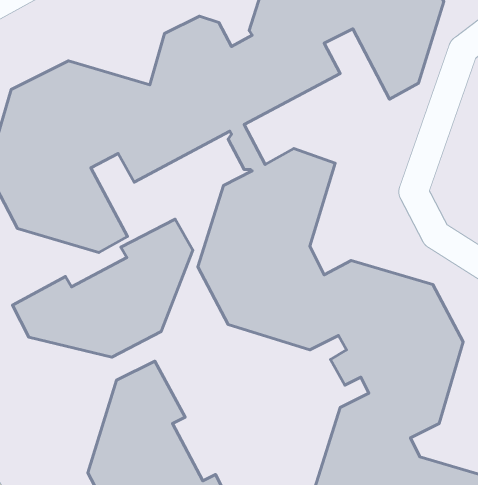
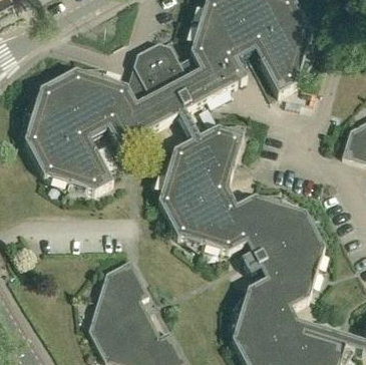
building: [12,219,193,357] -> none

